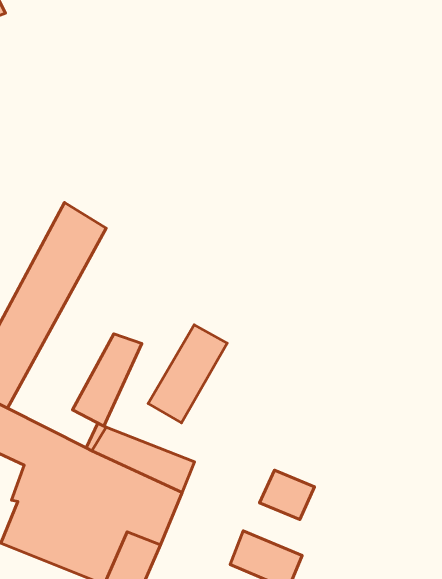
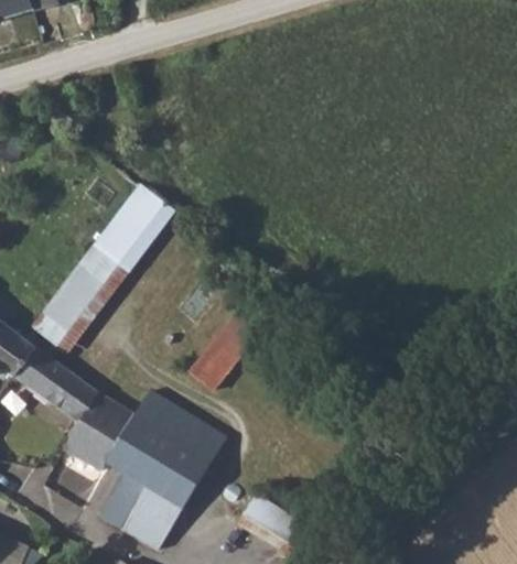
building: [72,334,142,426] -> none
building: [260,470,315,520] -> none

